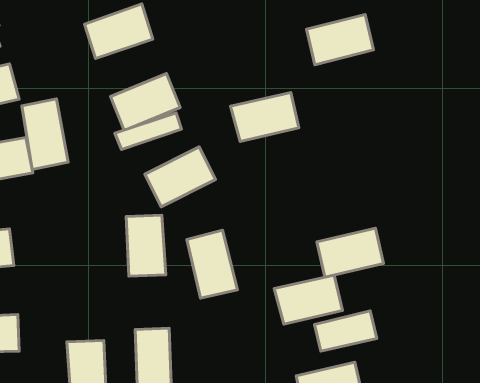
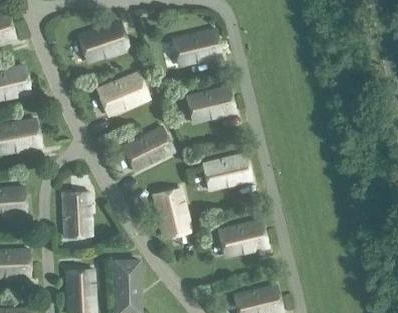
building: [307,14,373,65] -> [172,28,221,65]
building: [22,99,68,170] -> none
building: [126,215,166,276] -> [62,191,91,236]
building: [317,228,384,277] -> [202,153,251,189]
building: [315,311,377,351] -> none

